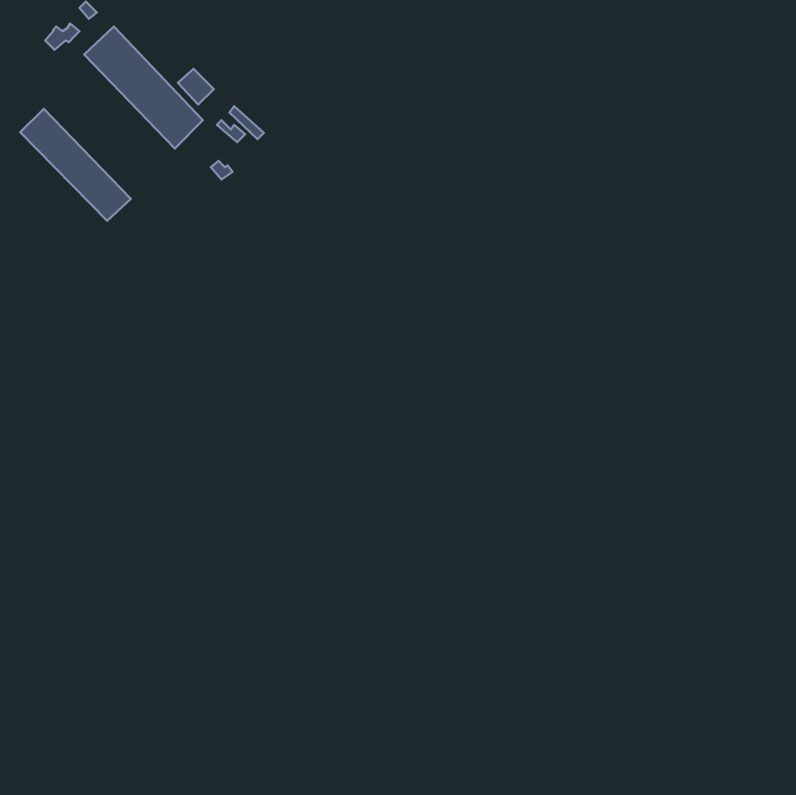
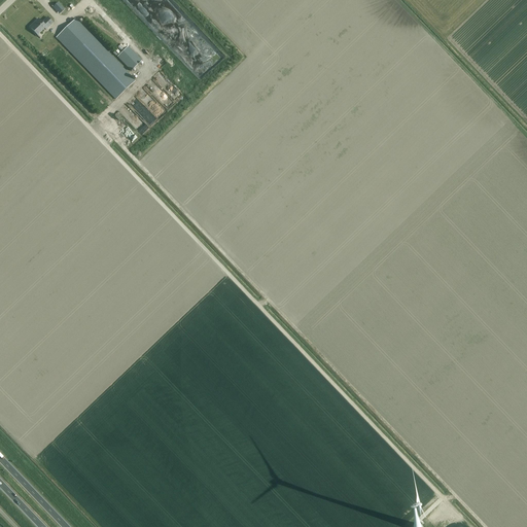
building: [20,109,131,221] -> none

